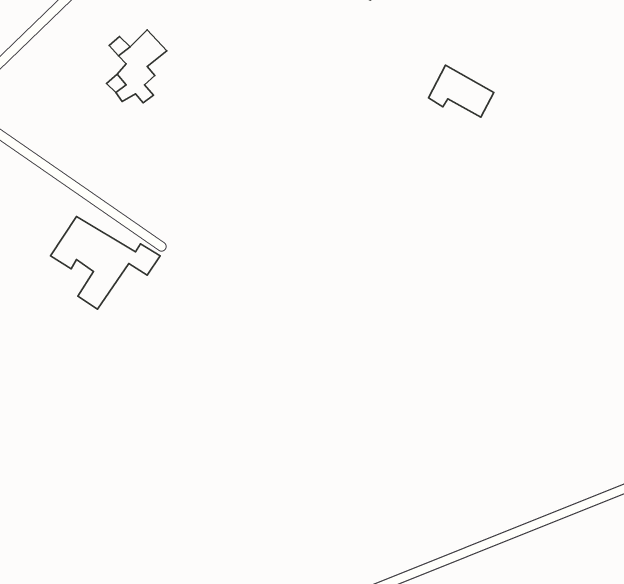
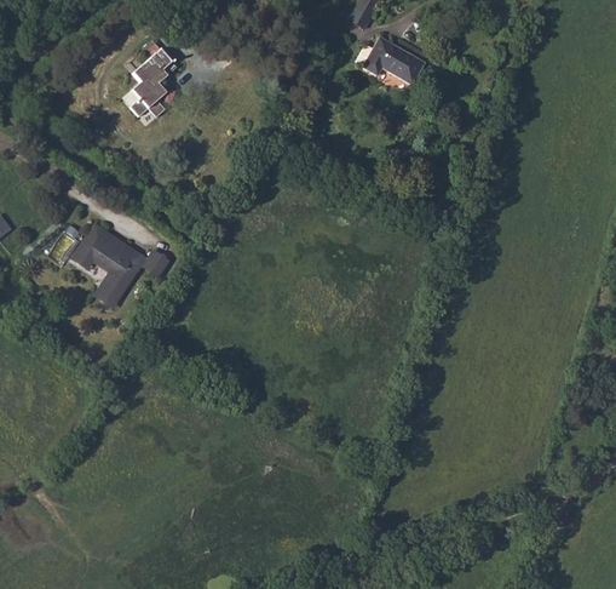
building: [428,65,494,117] -> [363,33,424,81]

